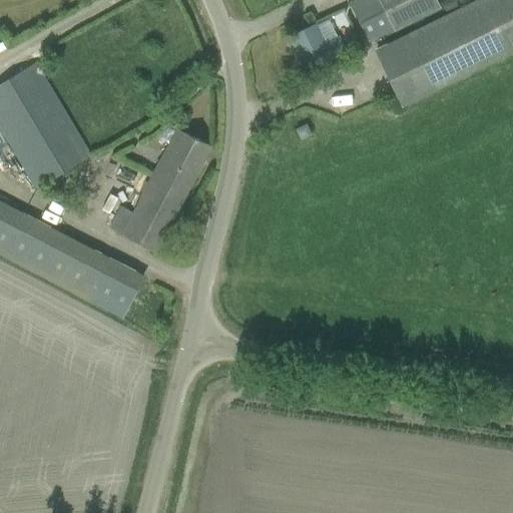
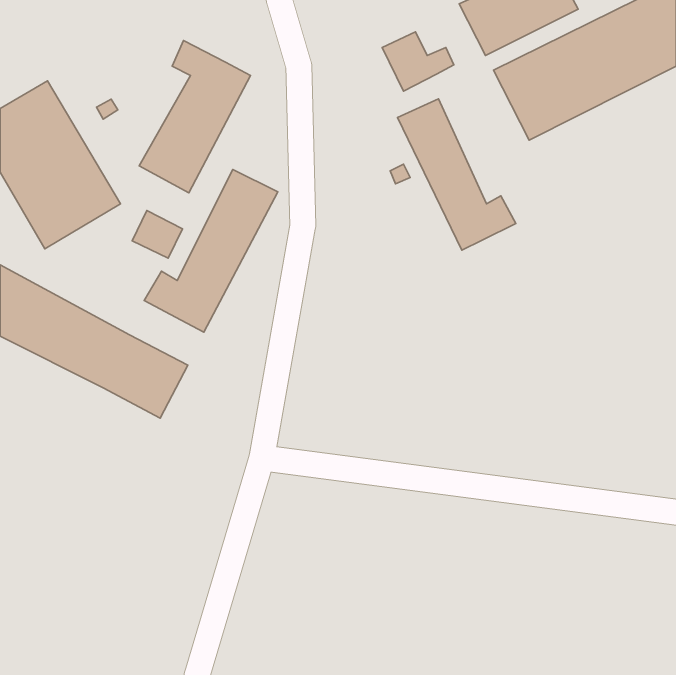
building: none -> [139,40,251,193]
building: none -> [397,99,516,250]

